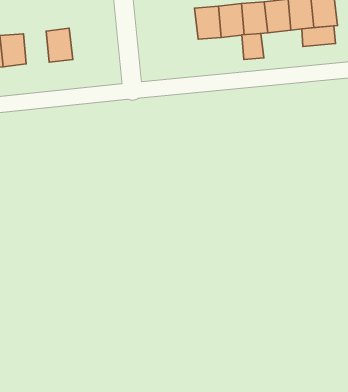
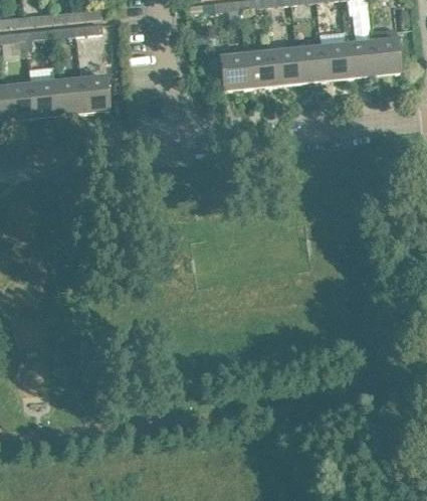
building: none -> [218,53,247,91]
building: [302,26,336,46] -> none
building: none -> [55,78,83,115]
building: [242,33,264,60] -> none

